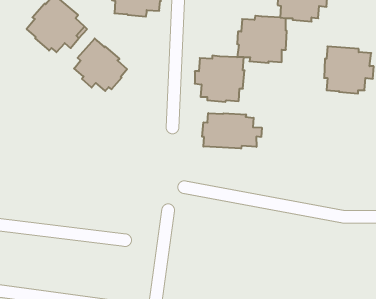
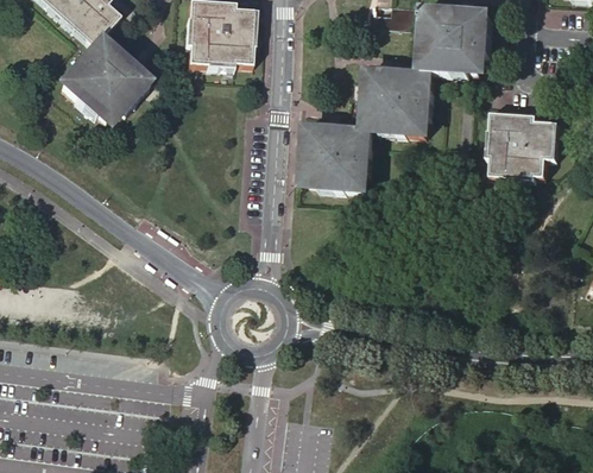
building: [74,38,127,91] -> none
building: [202,113,262,149] -> none

